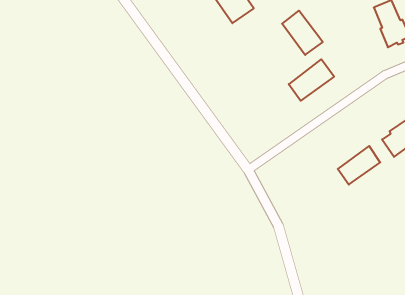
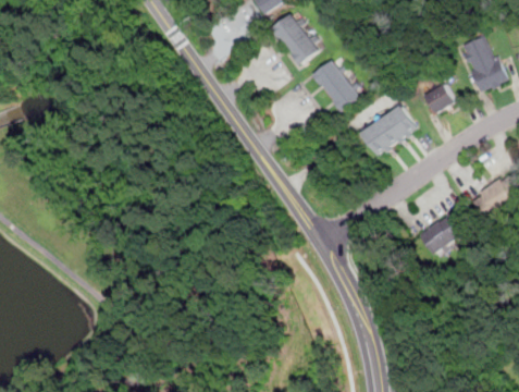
building: [282,11,323,55] -> [311,57,359,109]
building: none -> [424,84,456,114]

